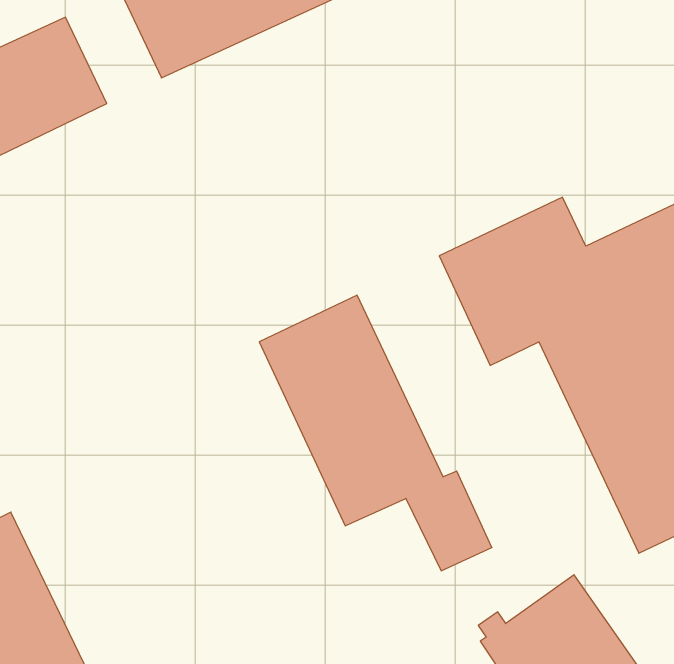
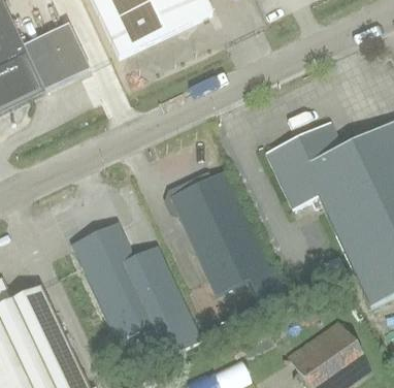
building: none -> [72,224,200,358]

